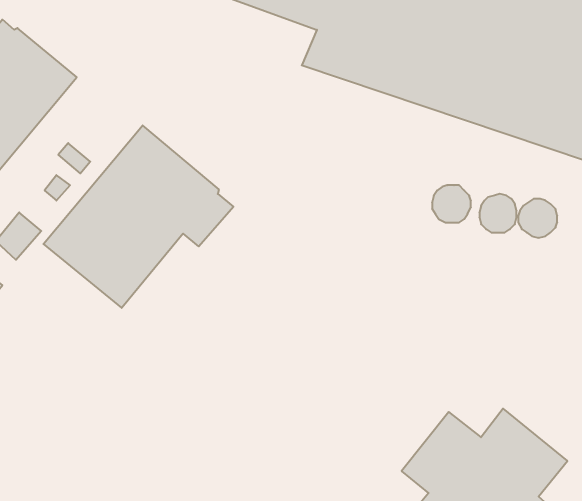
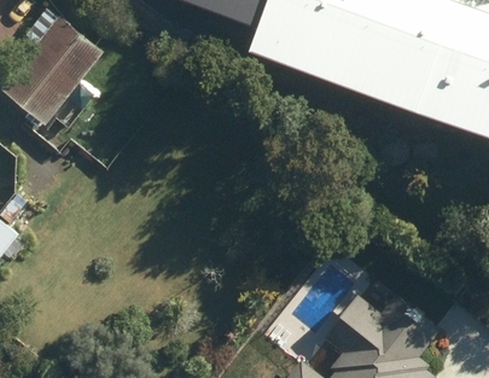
building: [43,125,233,308] -> none

